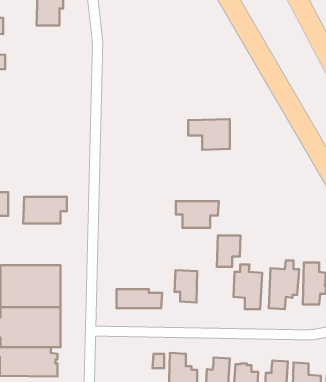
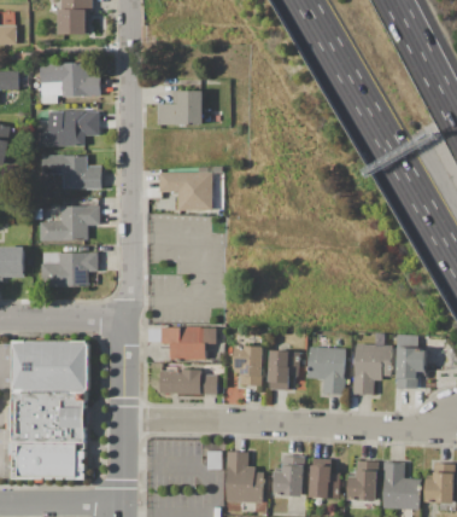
building: none -> [40,62,100,98]
building: none -> [156,91,210,124]
building: none -> [34,111,99,146]
building: [188,119,230,150] -> [159,172,212,210]
building: none -> [42,156,101,190]
building: none -> [40,205,101,242]
building: [176,201,219,228] -> [162,326,216,360]
building: [217,235,241,267] -> [269,350,299,390]

